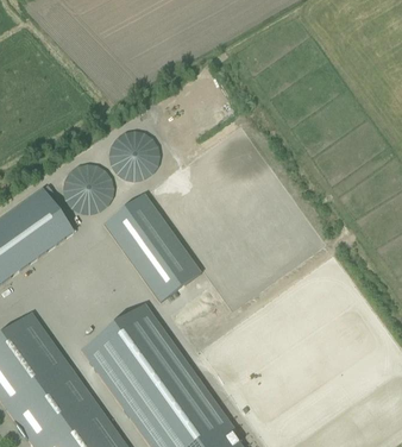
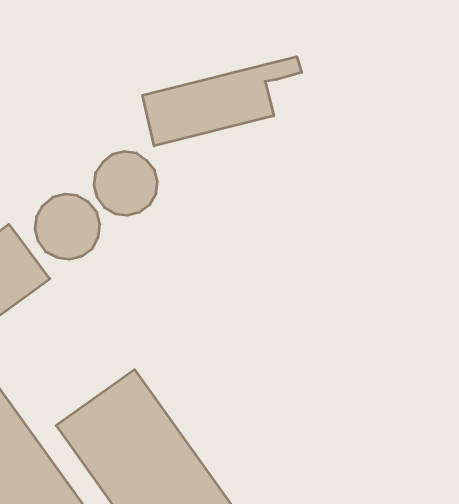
building: none -> [143,57,302,146]
building: [106,195,201,301] -> none

